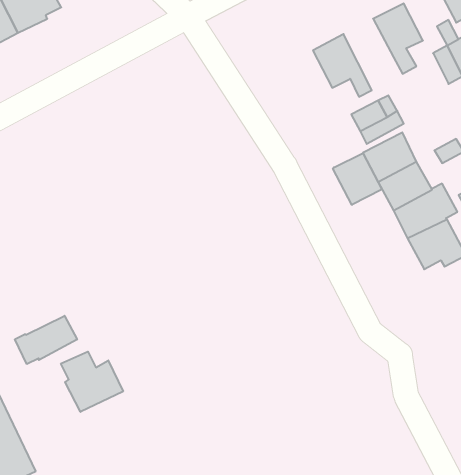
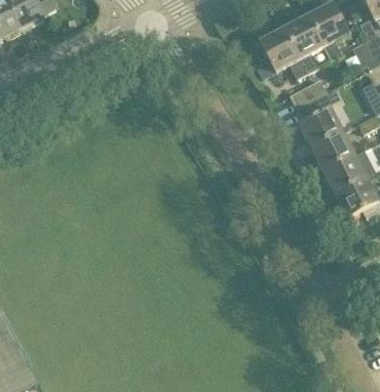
building: none -> [282,16,322,74]
building: [333,153,382,205] -> none
building: [15,316,77,364] -> none
building: [61,352,123,412] -> none

